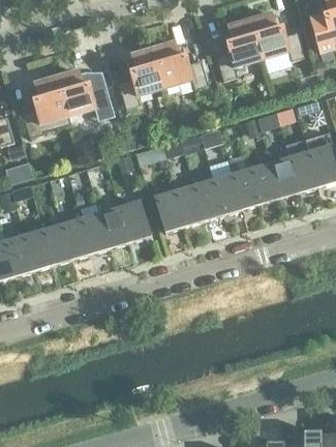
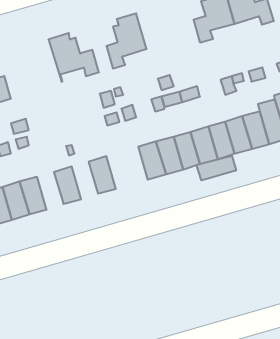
building: [152,40,207,88] -> none
building: [22,76,69,137] -> none
building: [119,200,149,241] -> none
building: none -> [197,156,236,180]
building: [81,211,110,252] -> none
building: [42,222,71,264] -> none

